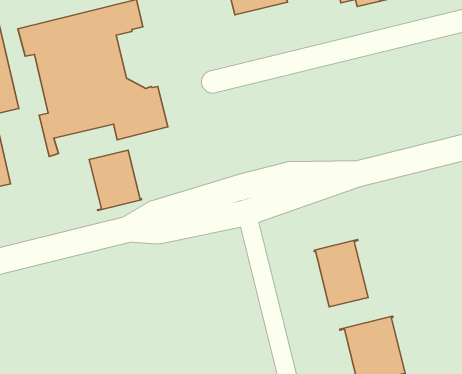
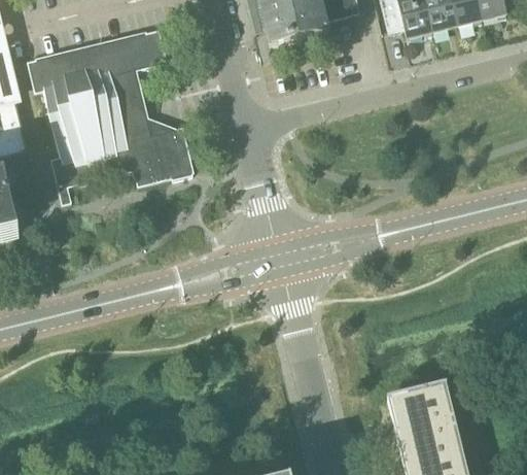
building: [89,150,142,210] -> none
building: [314,240,368,307] -> none

